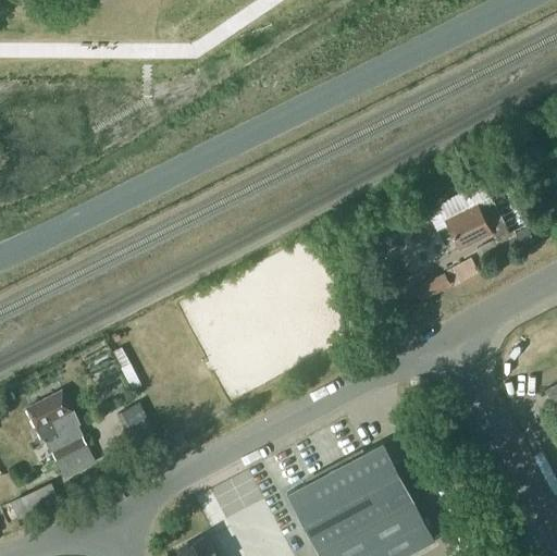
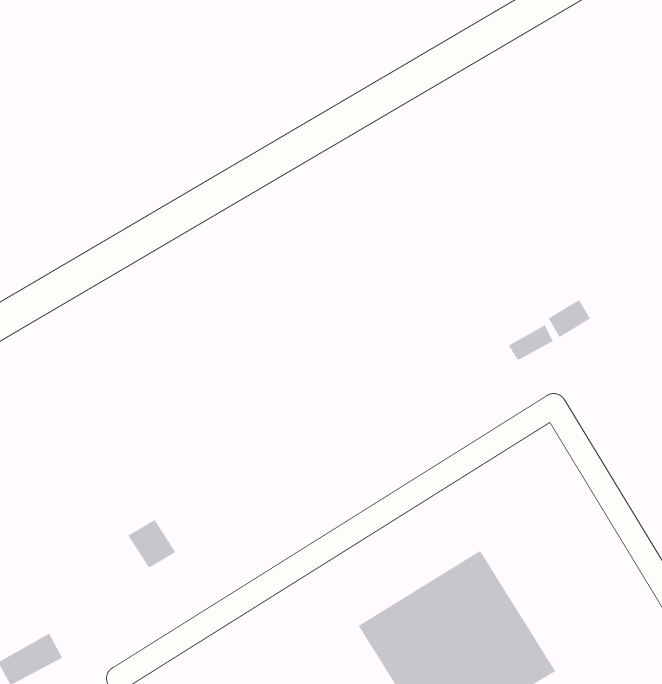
building: [446,202,529,258] -> none
building: [26,392,92,473] -> none

